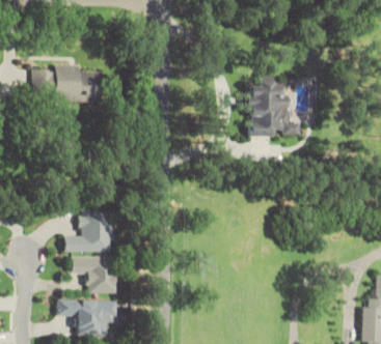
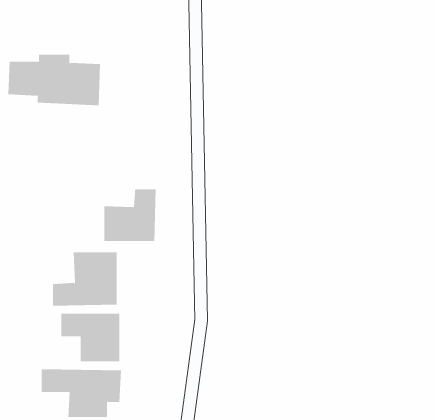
building: [248,77,299,137] -> none
building: none -> [104,188,156,242]

